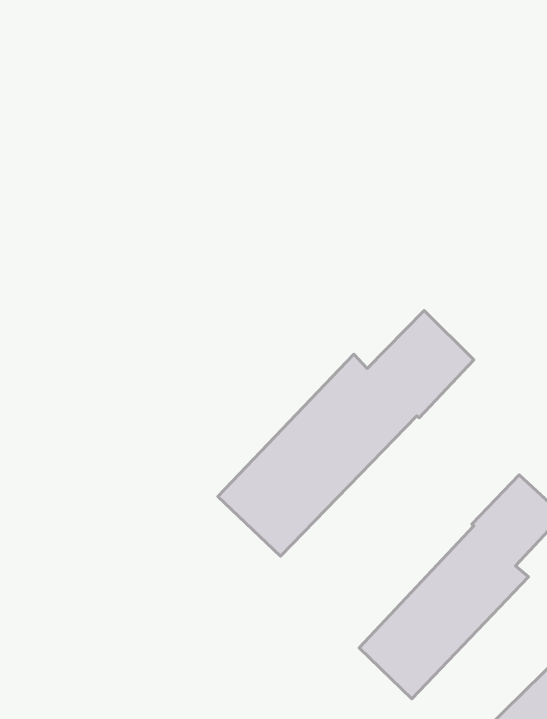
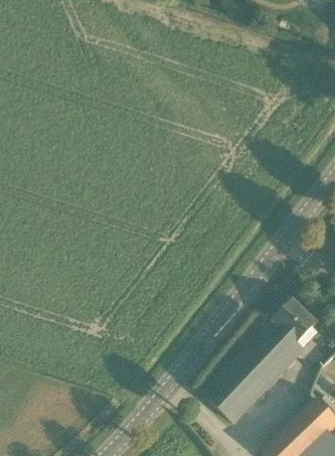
building: [218,311,474,556] -> none

